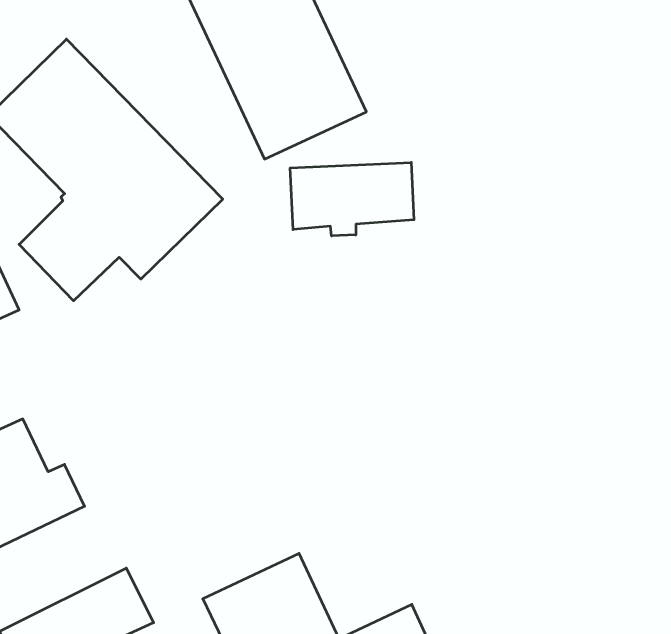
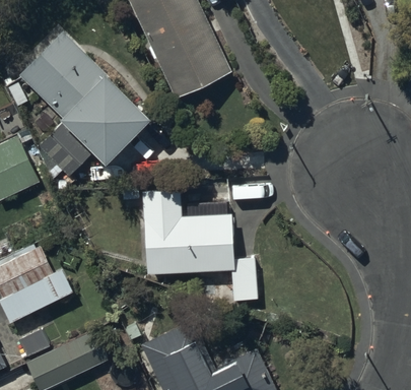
building: [290,162,414,236] -> none
building: none -> [142,190,259,300]

